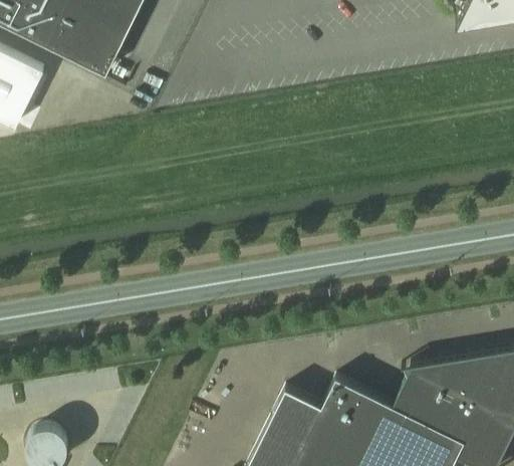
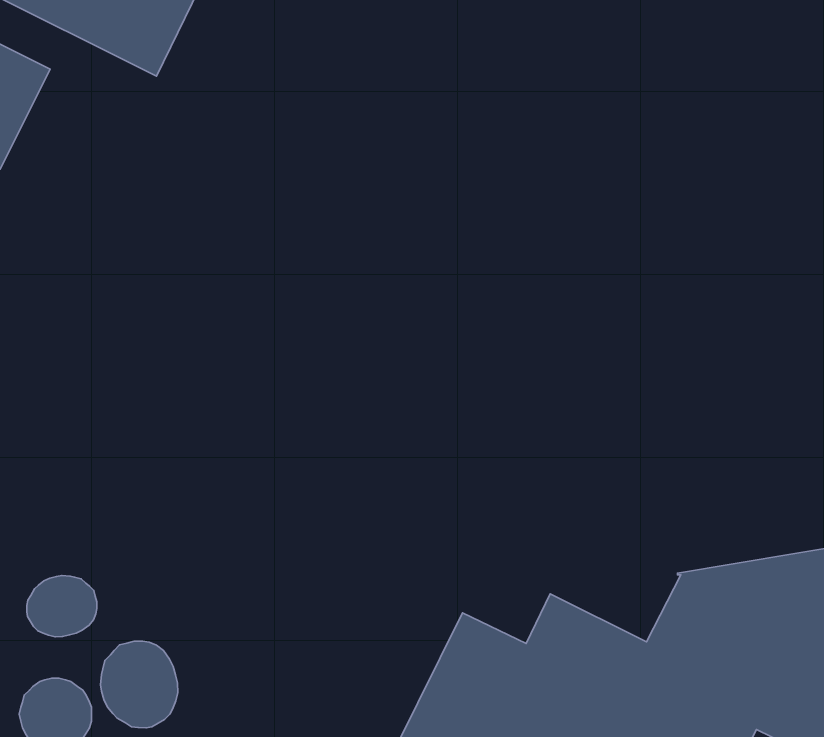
building: none -> [27,575,97,637]
building: none -> [100,641,178,728]

